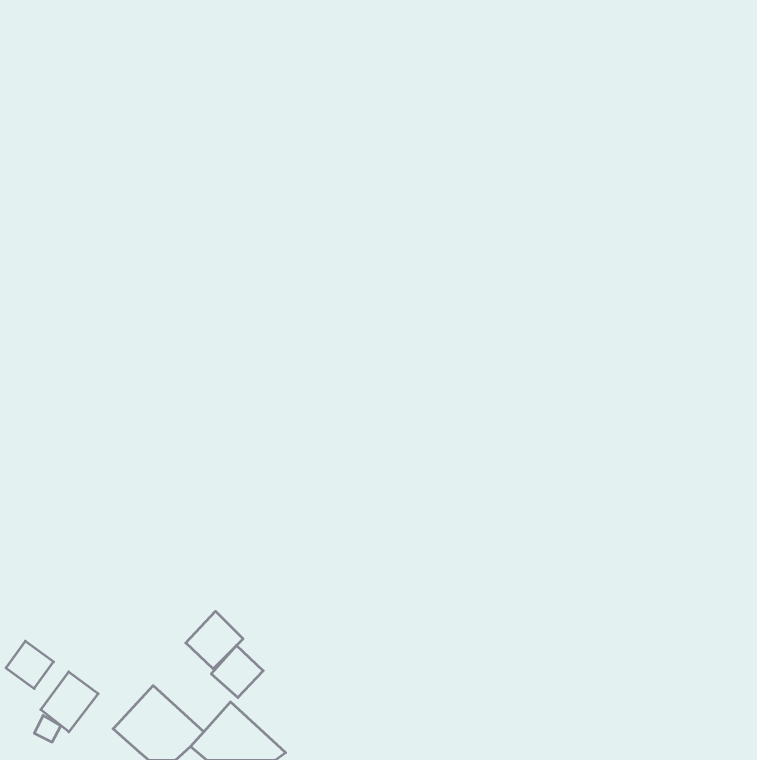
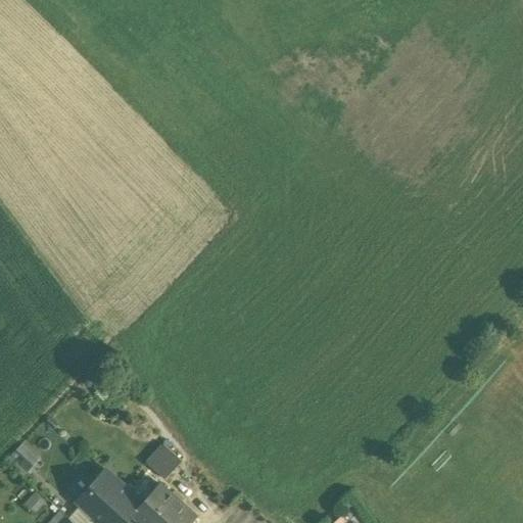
building: [186,611,243,669] -> none
building: [41,672,98,732] -> none

